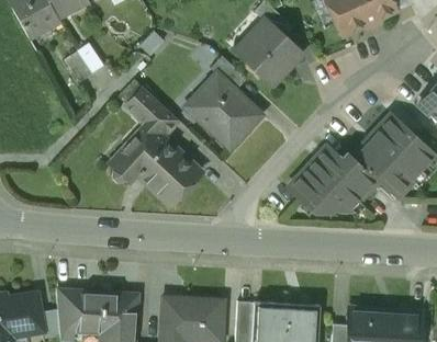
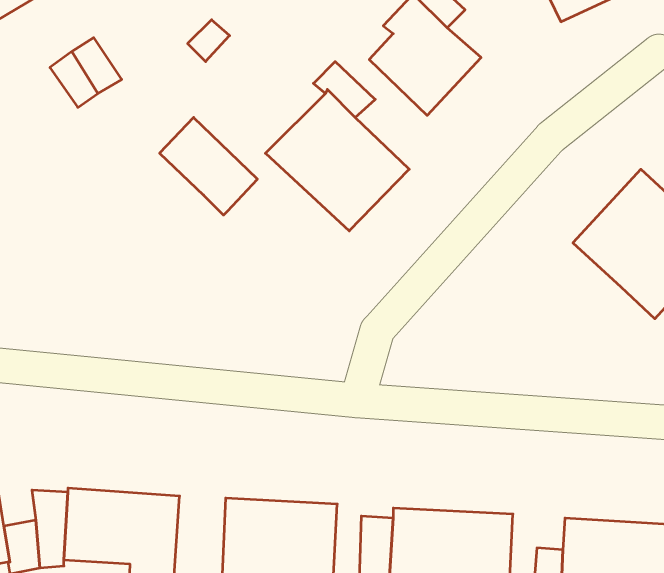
building: [110,130,201,206] -> none
building: [288,147,379,213] -> none

